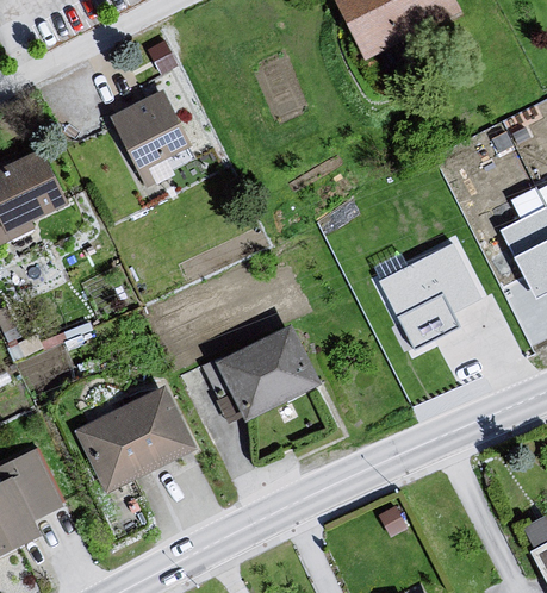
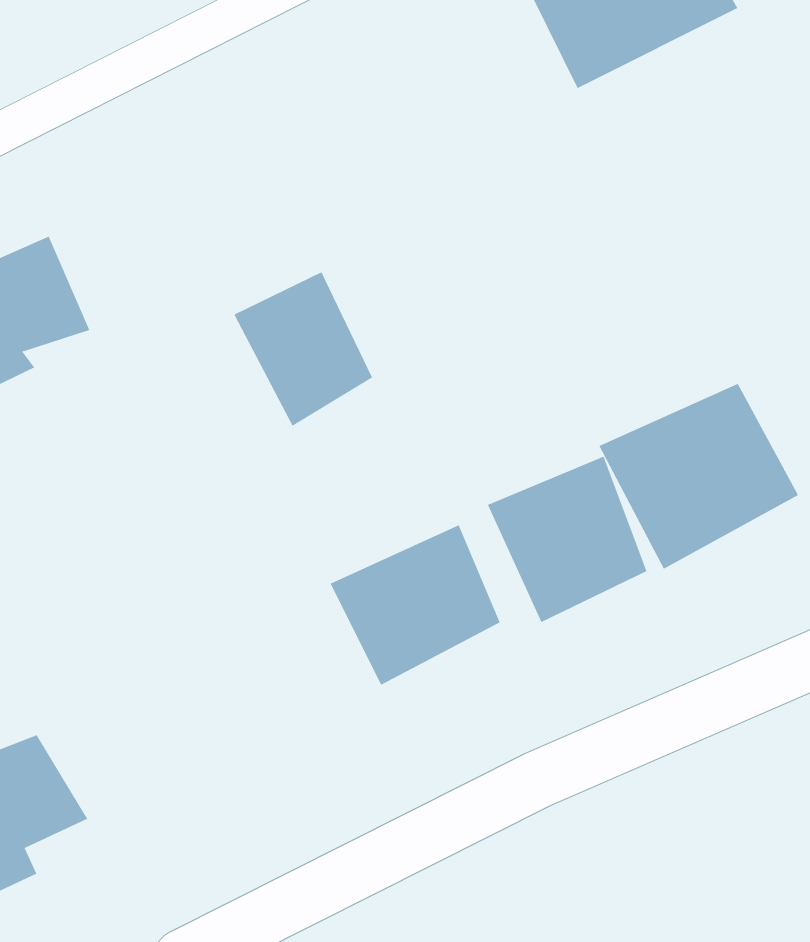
building: [108,92,193,186] -> [233,271,373,426]
building: none -> [487,456,647,623]
building: [70,386,192,488] -> none

